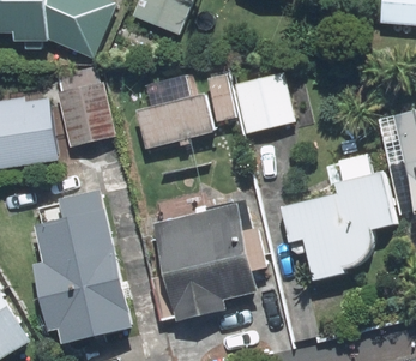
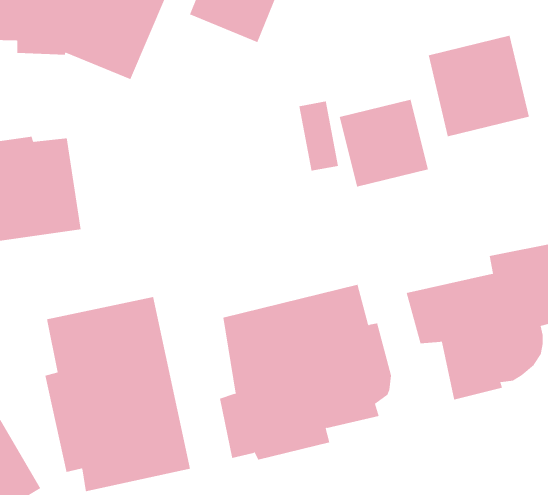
building: none -> [428,35,530,137]
building: [56,82,114,145] -> none
building: [135,92,213,149] -> none

